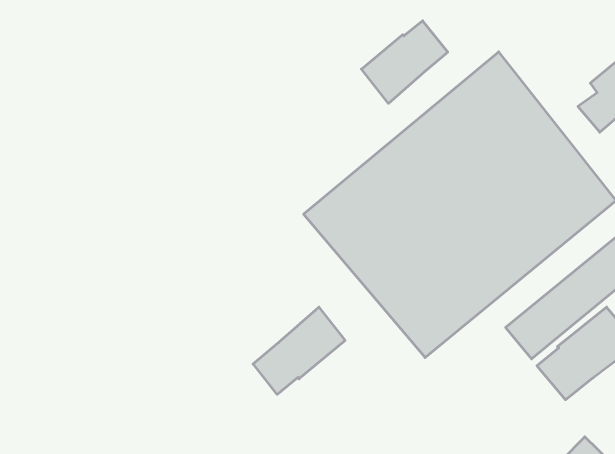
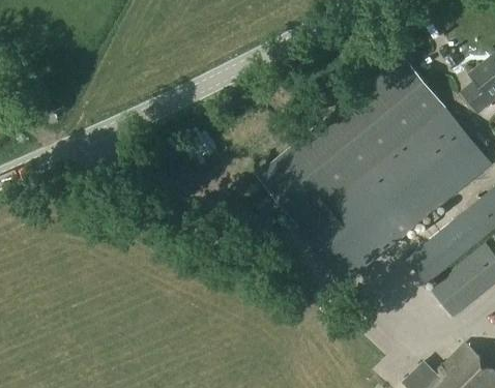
building: [361,21,448,103] -> none
building: [253,307,345,394] -> none

